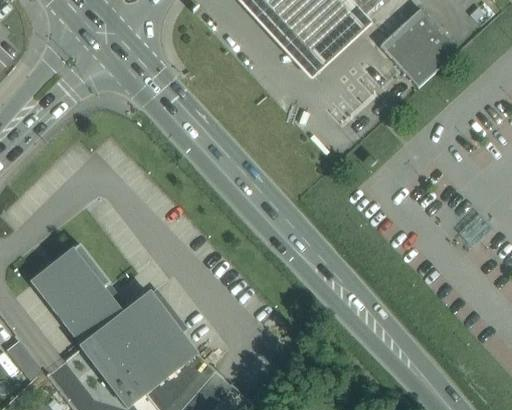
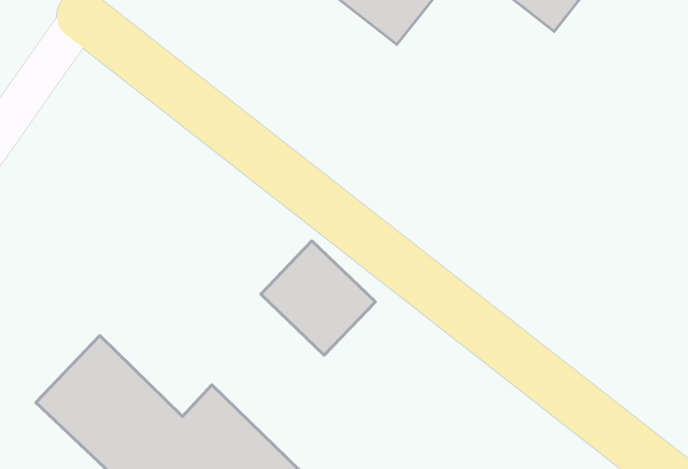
building: none -> [261,241,375,355]

